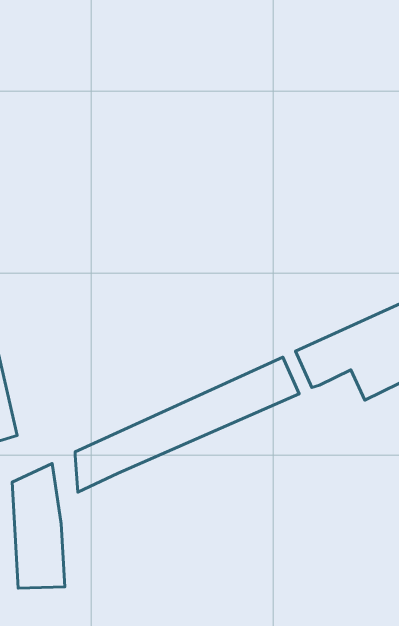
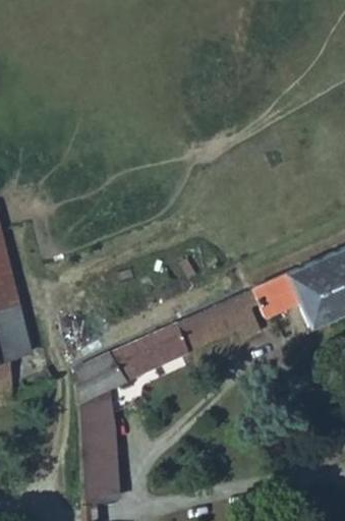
building: [12,463,65,588] -> [77,385,120,485]

